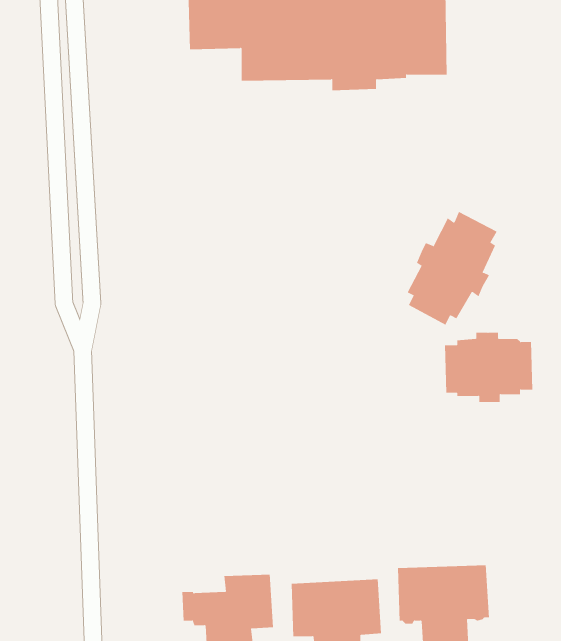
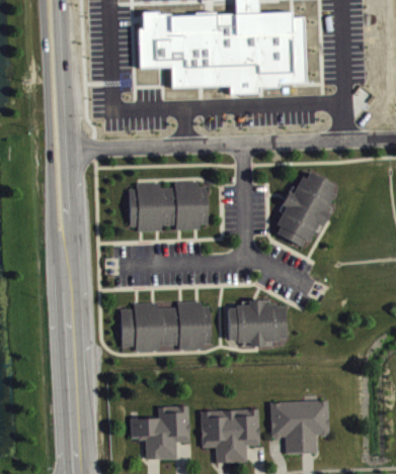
building: none -> [129,182,209,230]
building: [444,332,533,403] -> [229,300,287,346]
building: none -> [122,301,211,352]

